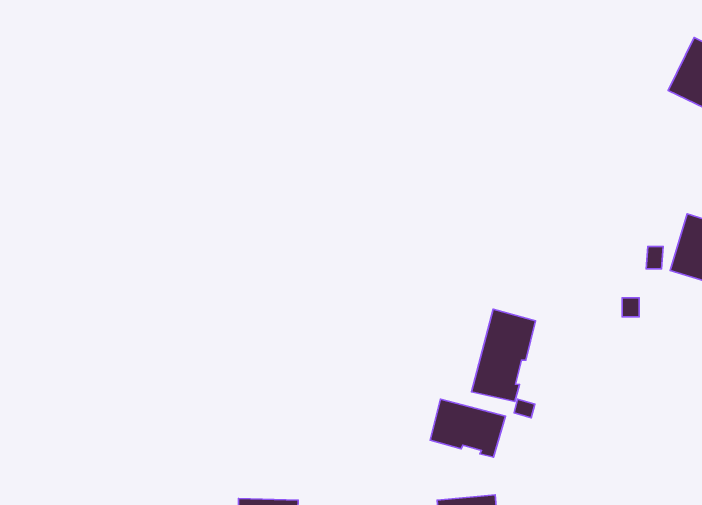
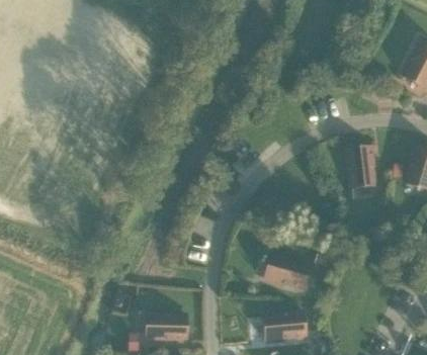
building: none -> [343,150,372,187]
building: [471,309,536,402] -> none

